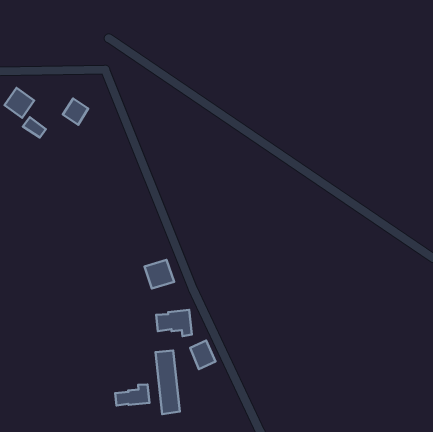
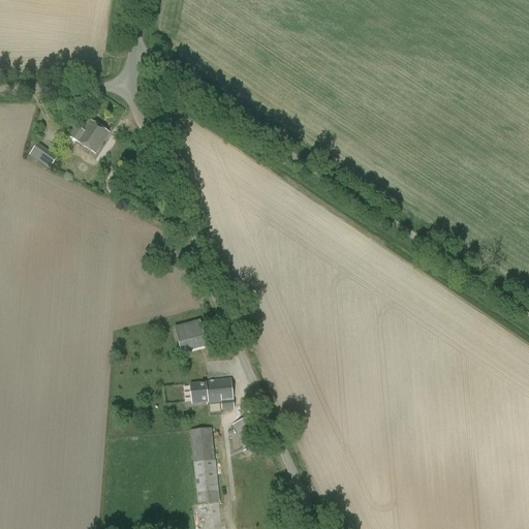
building: [5,88,34,118] -> none
building: [115,384,150,405] -> none

